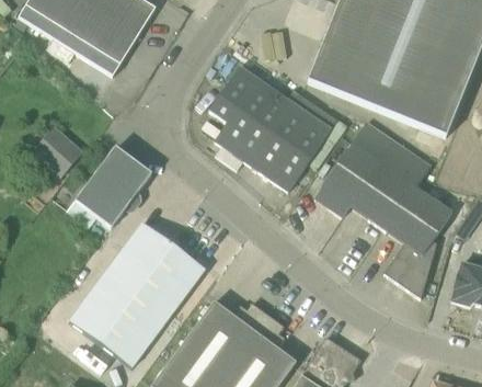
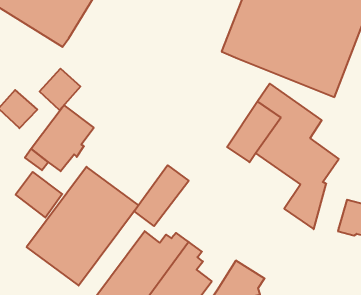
building: [210,66,332,191] -> none
building: none -> [40,69,80,110]
building: none -> [134,165,189,226]
building: none -> [16,172,62,218]

